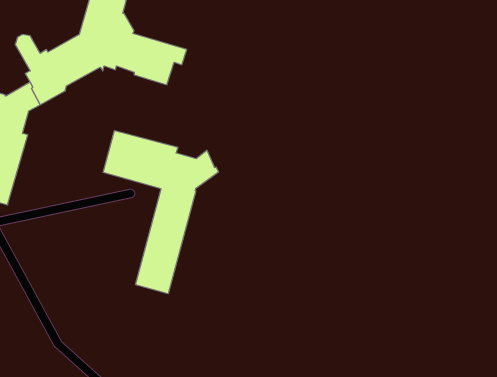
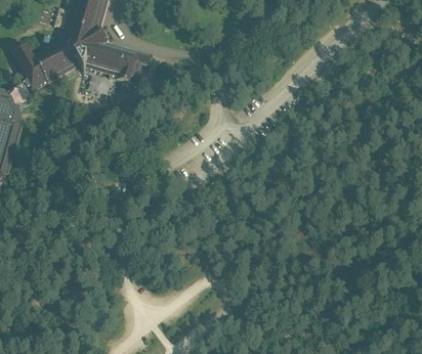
building: [103,131,218,294] -> none

